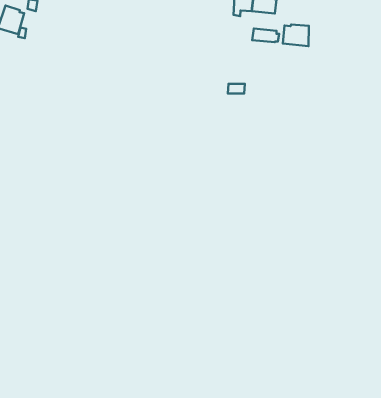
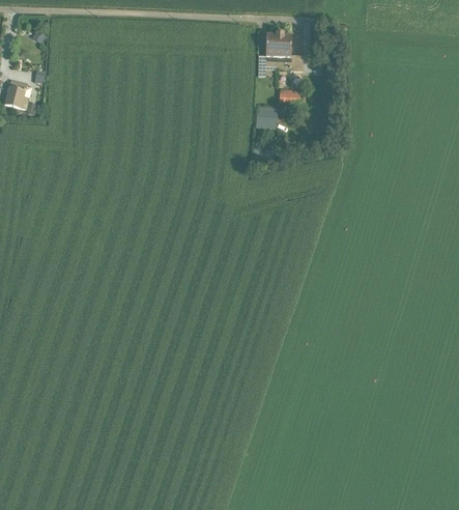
building: [283,25,309,46] -> none
building: none -> [255,106,276,128]

